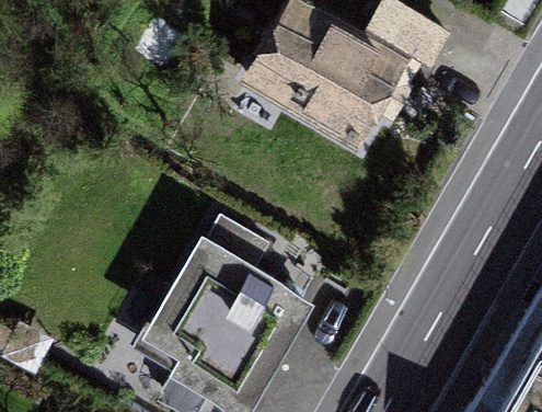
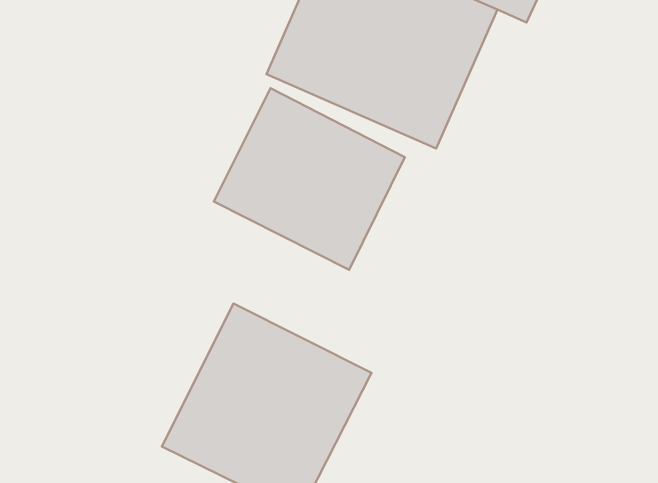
building: none -> [214,88,405,270]

